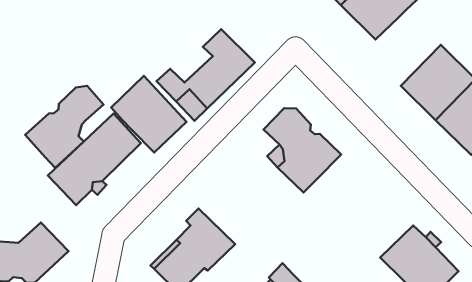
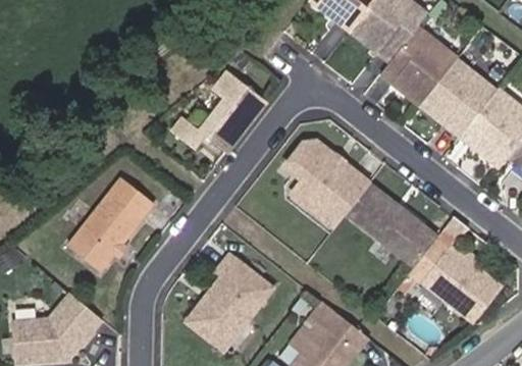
building: none -> [379,27,456,105]
building: [111,76,187,153] -> none
building: [25,86,103,168] -> none
building: none -> [346,182,438,266]

